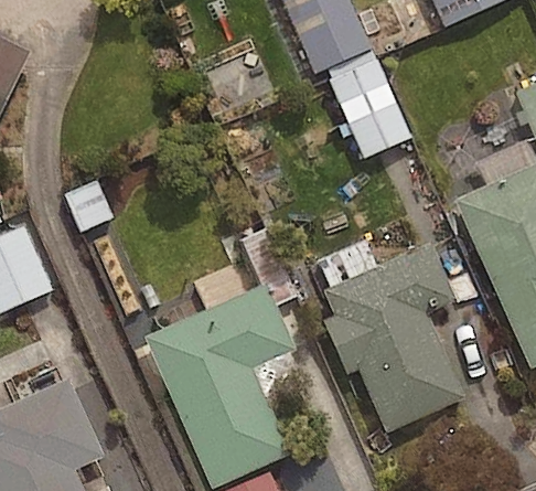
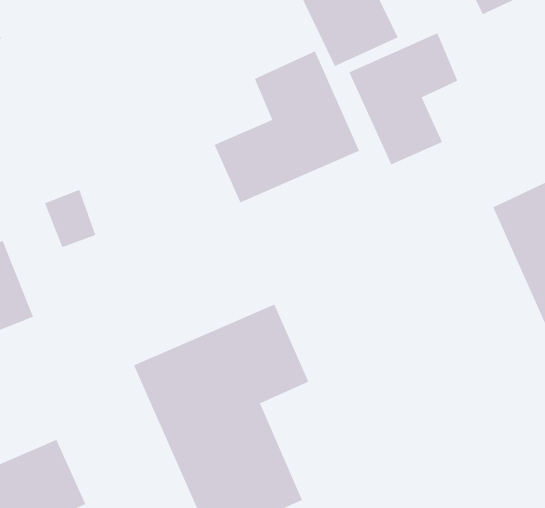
building: none -> [214,50,360,203]
building: [322,241,464,431] -> none

